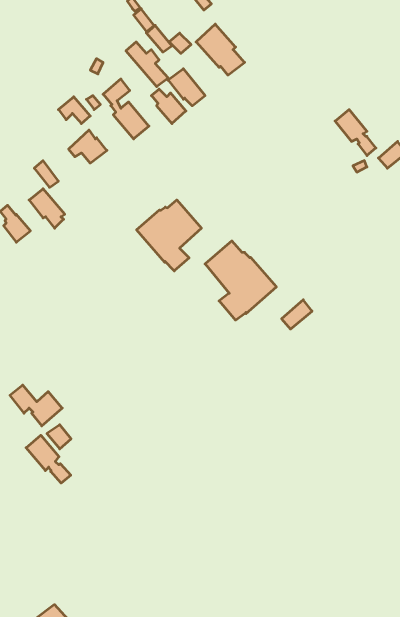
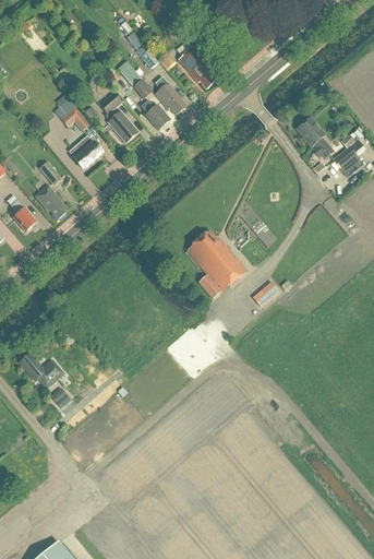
building: [137,200,201,271] -> none
building: [26,435,71,483] -> none

